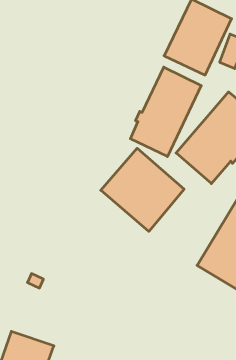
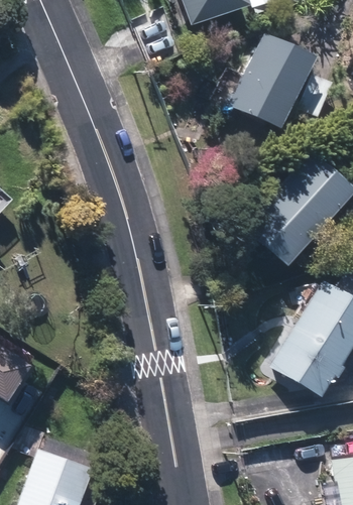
building: [130,67,201,157] -> none
building: [101,148,184,231] -> none

